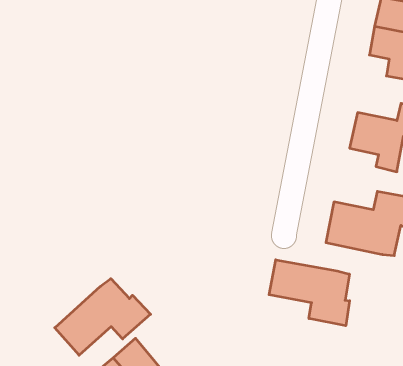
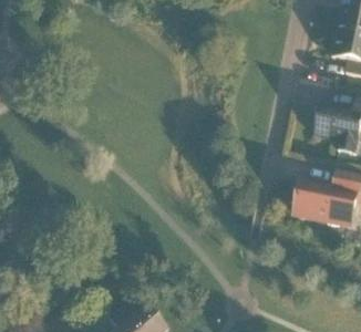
building: [269,260,350,326] -> none
building: [55,279,151,355] -> none

